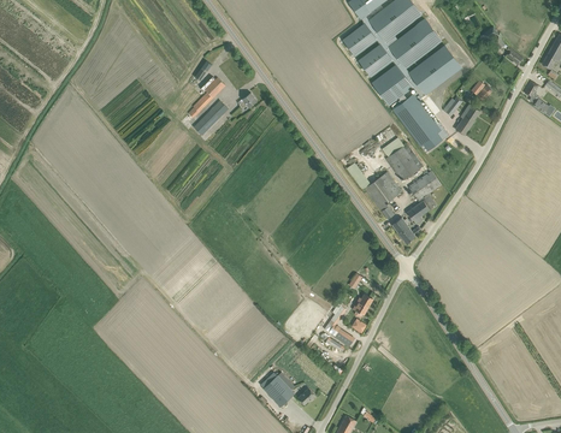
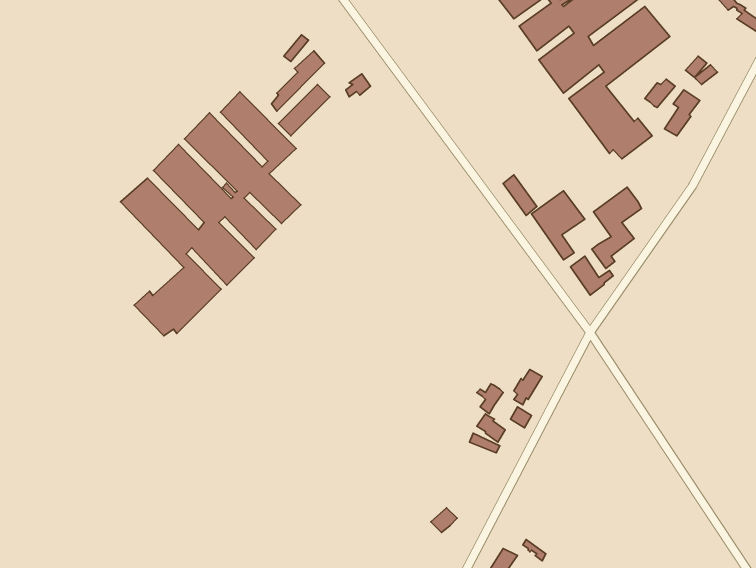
building: none -> [121,92,301,336]
building: [385,143,424,179] -> none
building: [260,372,295,407] -> none

